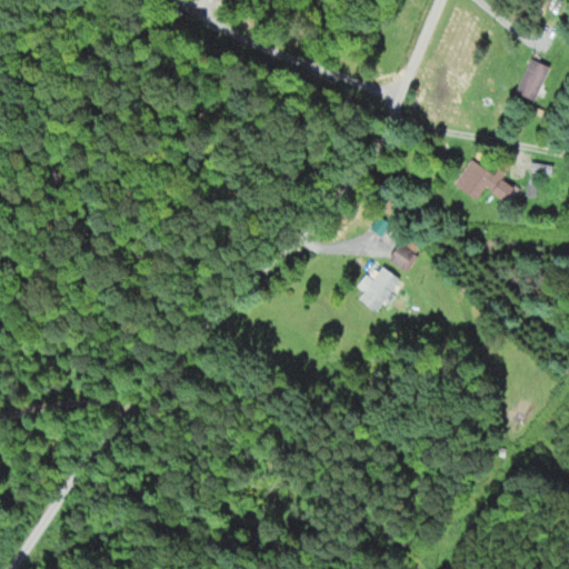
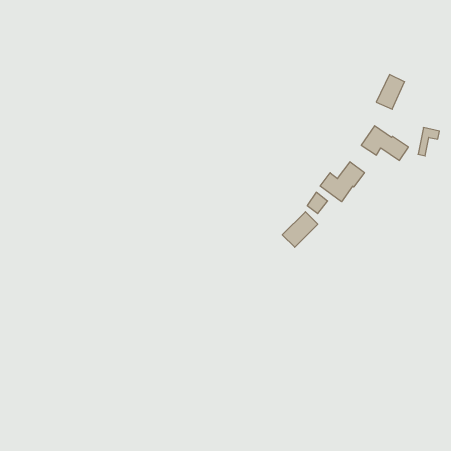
building: [515,59,550,102] -> [376,75,405,109]
building: none -> [320,162,364,202]

